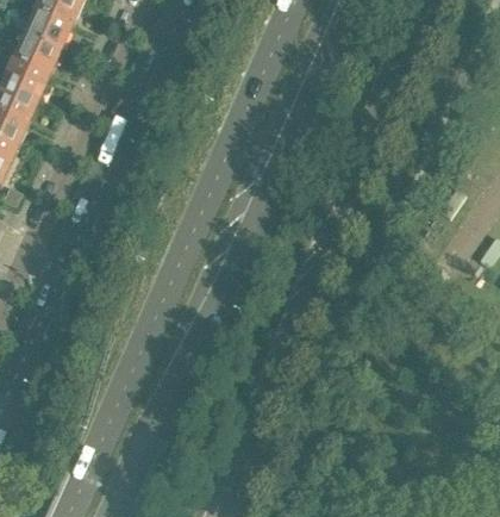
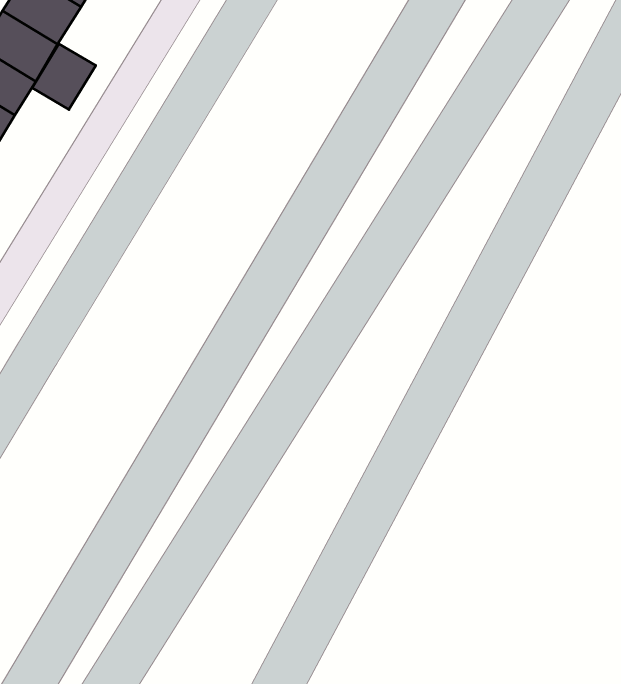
building: none -> [32,44,96,110]

